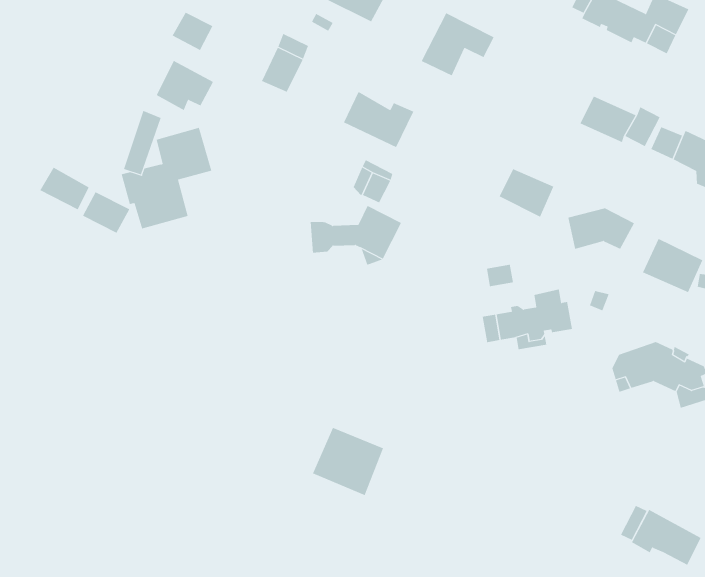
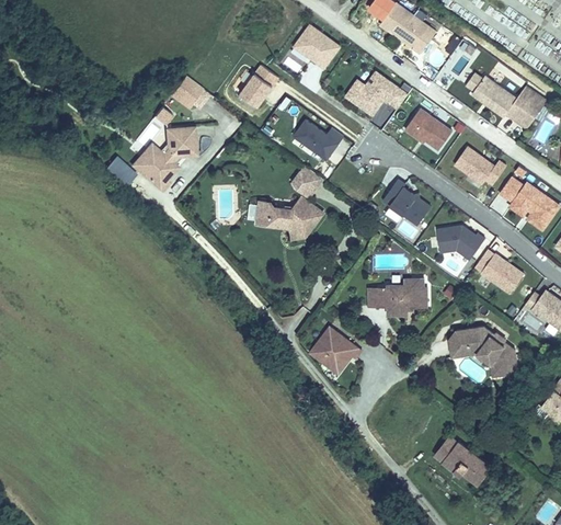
building: [172,12,213,51] -> none
building: none -> [408,111,456,155]
building: [40,167,89,210] -> none
building: [312,427,384,496] -> [306,323,358,375]

